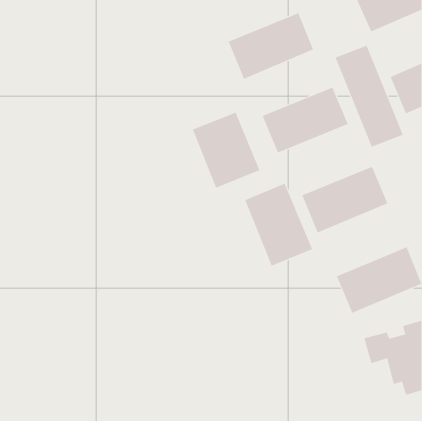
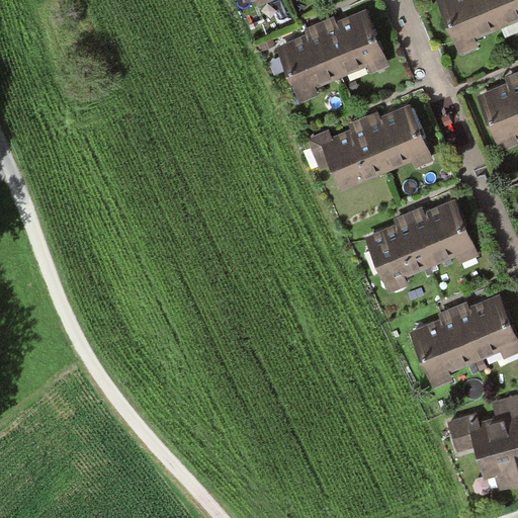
building: [335,45,404,147] -> none
building: [192,112,260,189] -> none
building: [245,183,313,267] -> none

